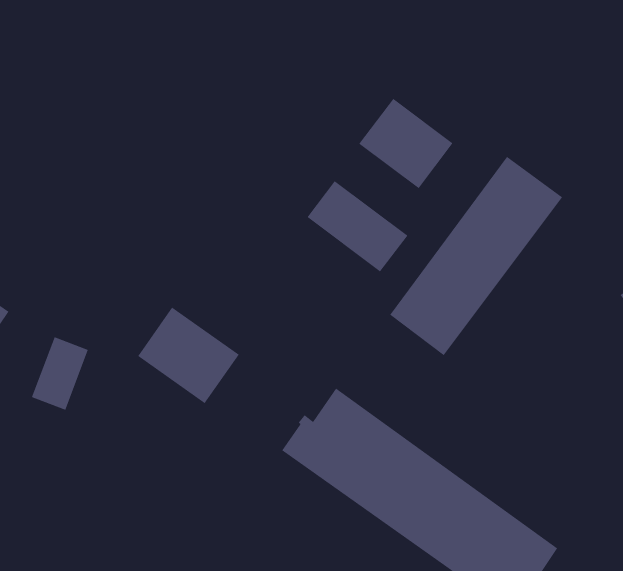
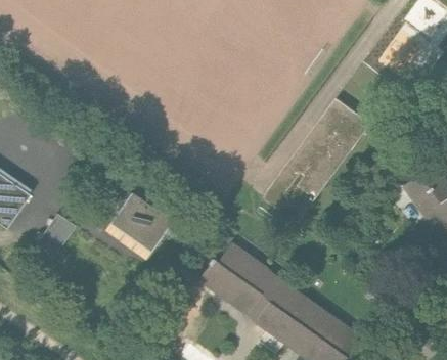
building: [358,98,454,189] -> none
building: [306,180,408,273] -> none

